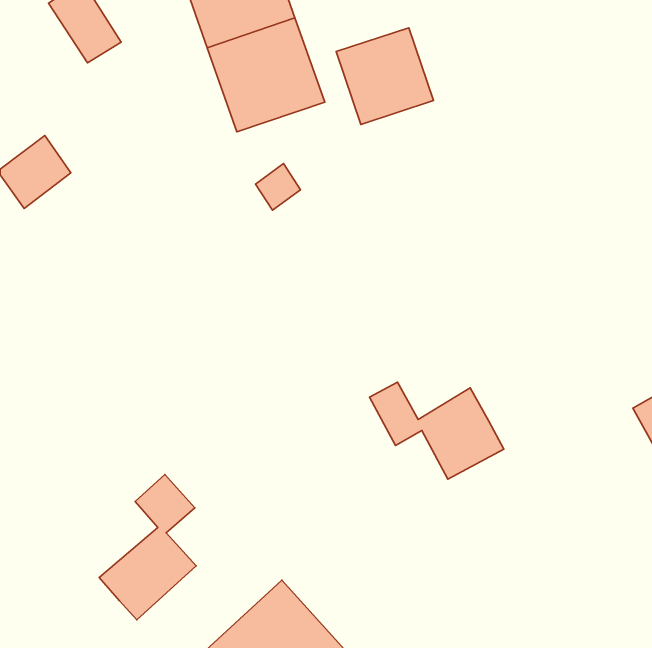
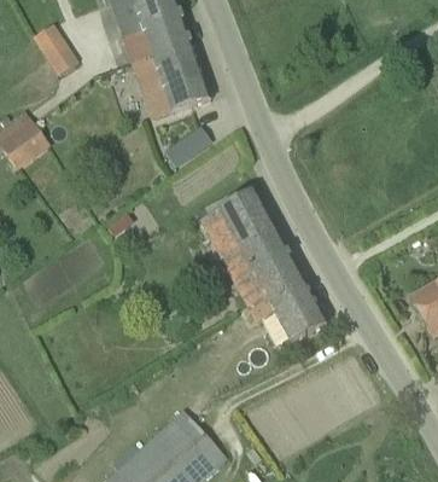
building: [336,28,434,124] -> none
building: none -> [200,190,304,303]
building: [99,475,196,620] -> none

